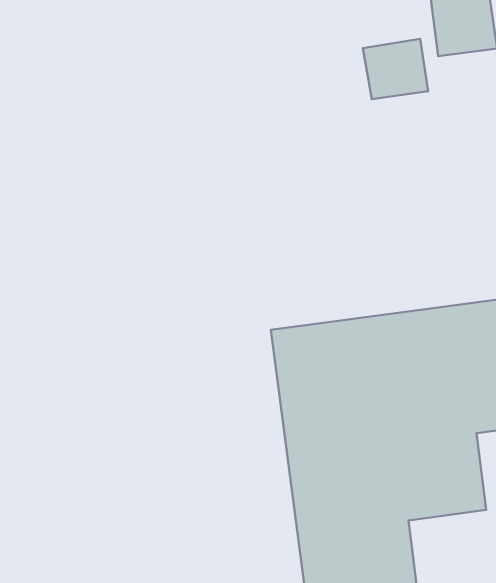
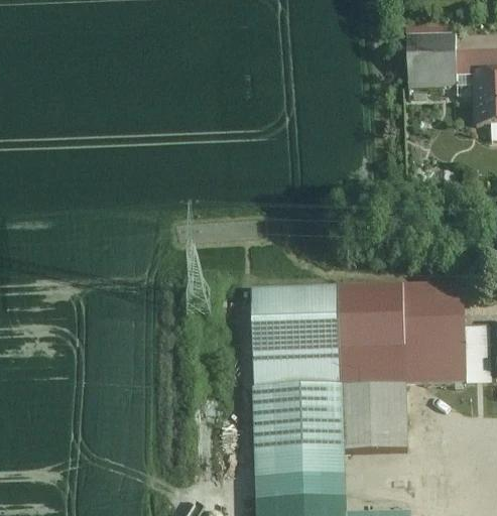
building: [363,39,428,99] -> none

